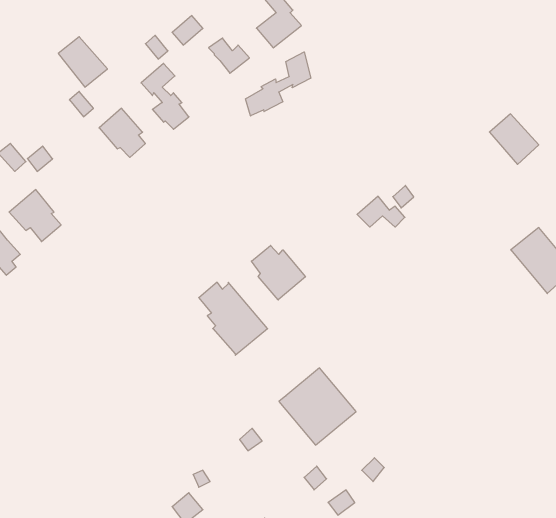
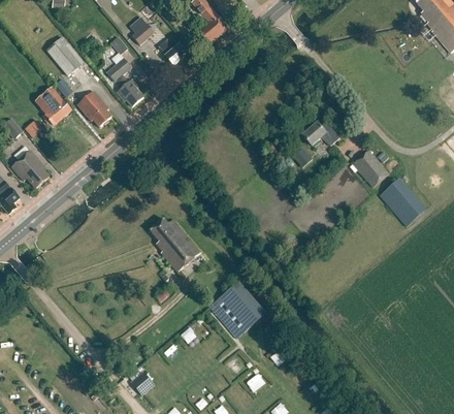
building: [246,52,311,116] -> none
building: none -> [35,87,72,125]
building: [489,114,539,164] -> [353,150,389,187]
building: [357,196,405,227] -> [302,122,337,145]
building: [251,245,305,300] -> none

